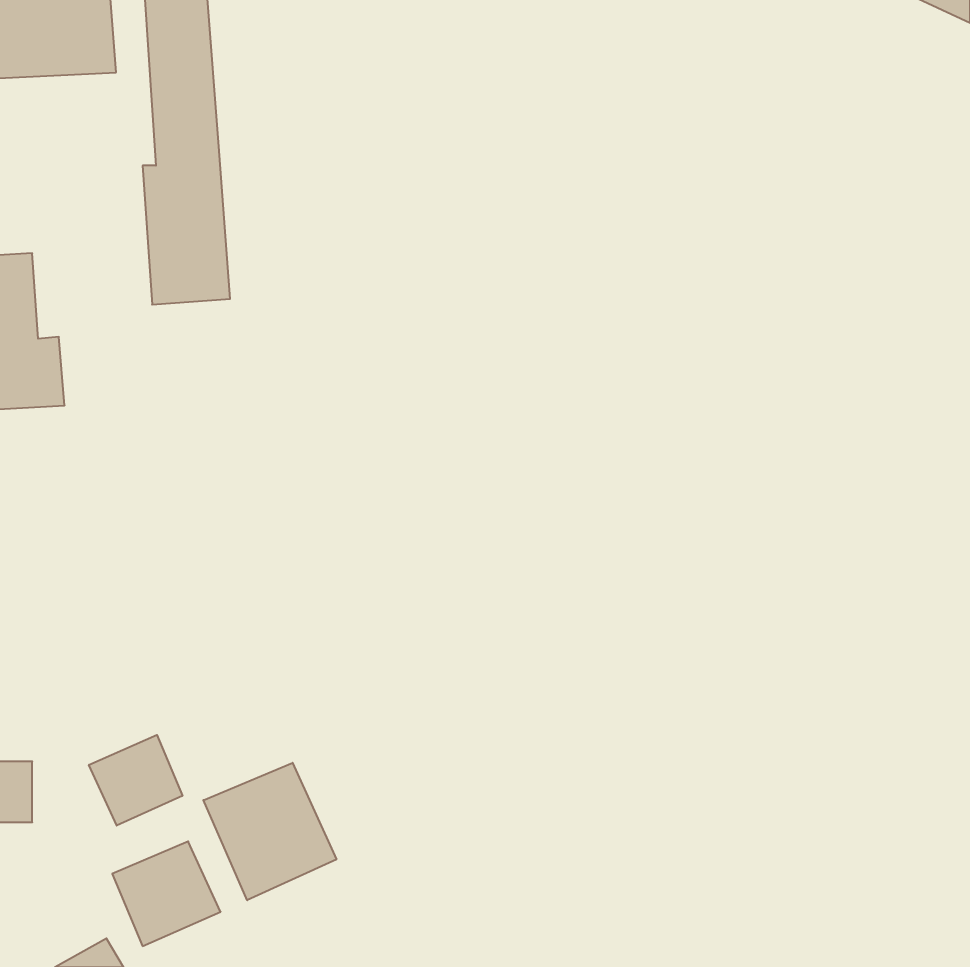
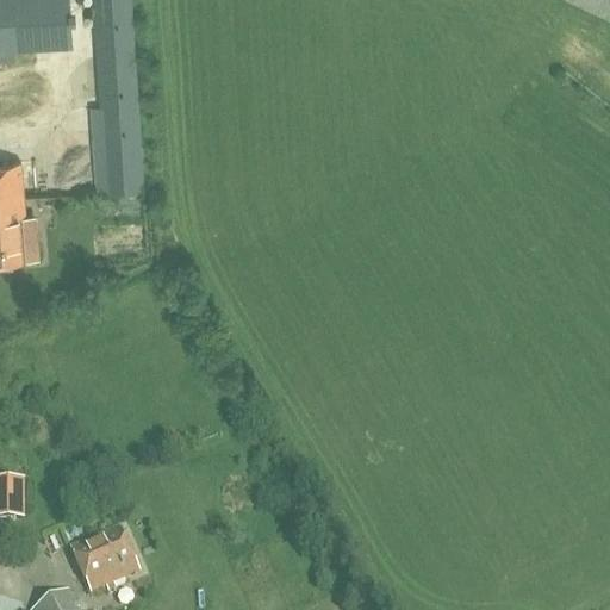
building: [89,735,182,826] -> none
building: [203,763,336,900] -> none

